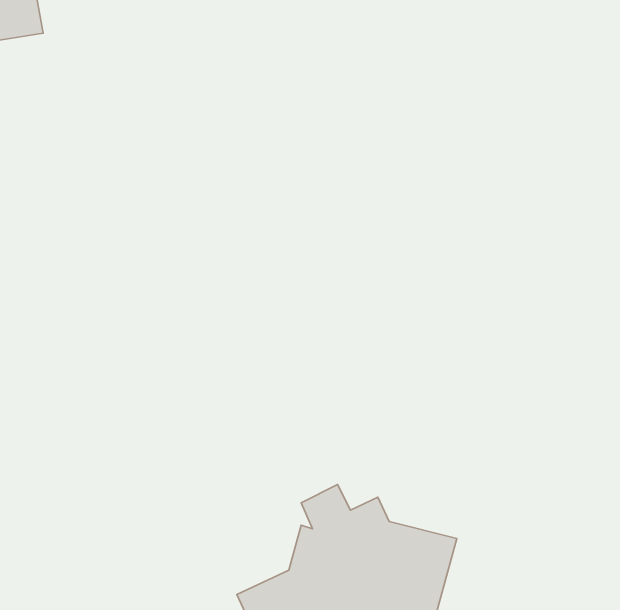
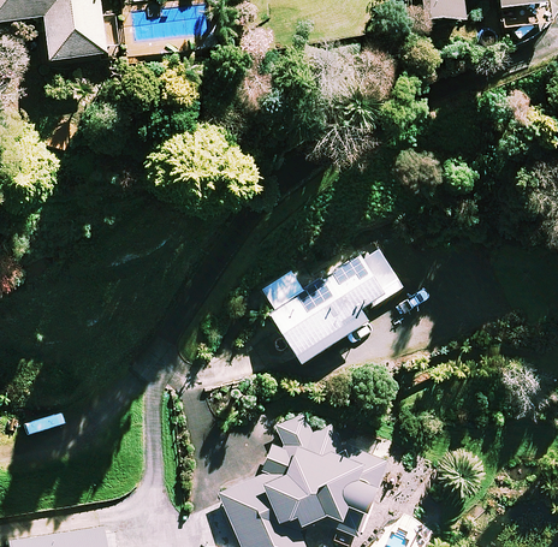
building: none -> [260,251,382,362]

